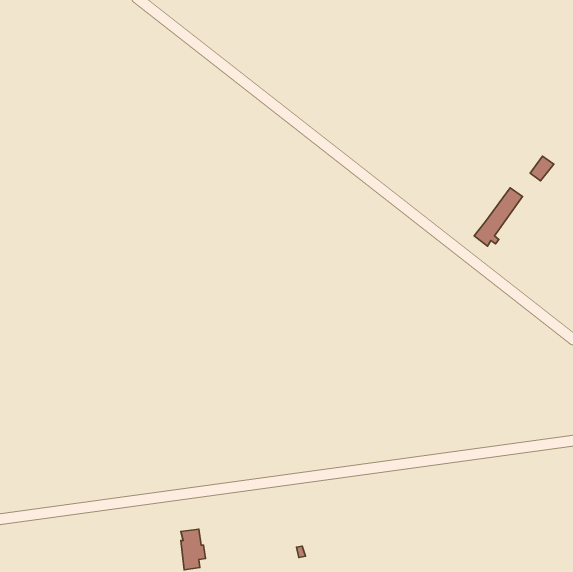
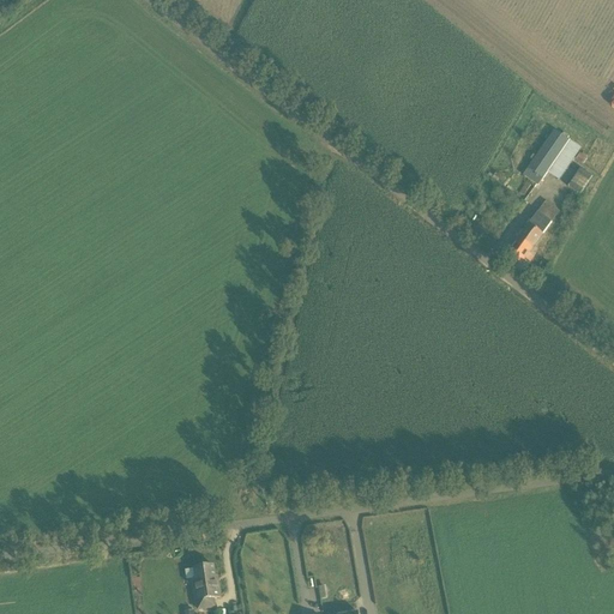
building: none -> [524,128,567,181]

